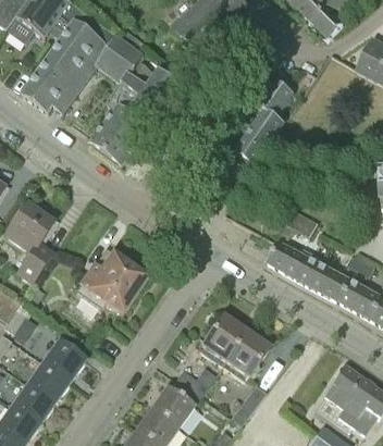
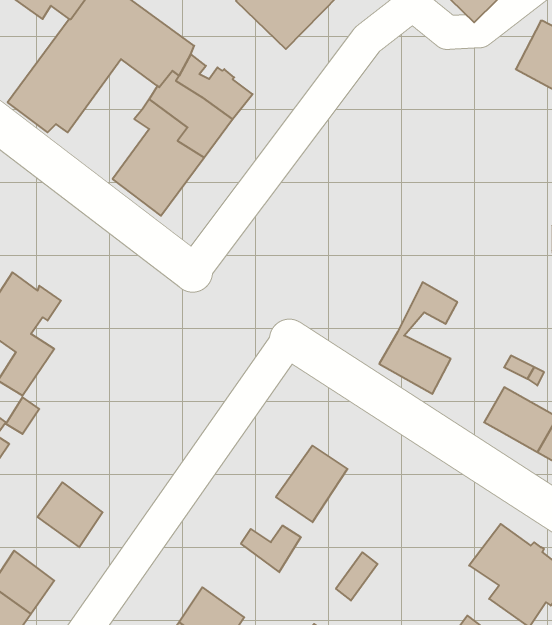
building: [235,76,294,162] -> none
building: [75,253,147,313] -> none
building: [300,259,347,300] -> none
building: [222,331,269,382] -> none
building: [27,362,70,404] -> none
building: [150,386,194,428] -> none

